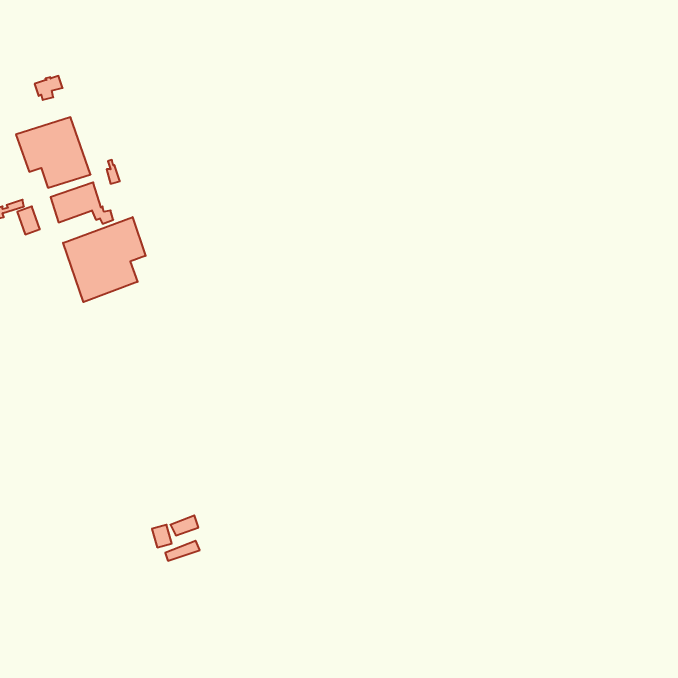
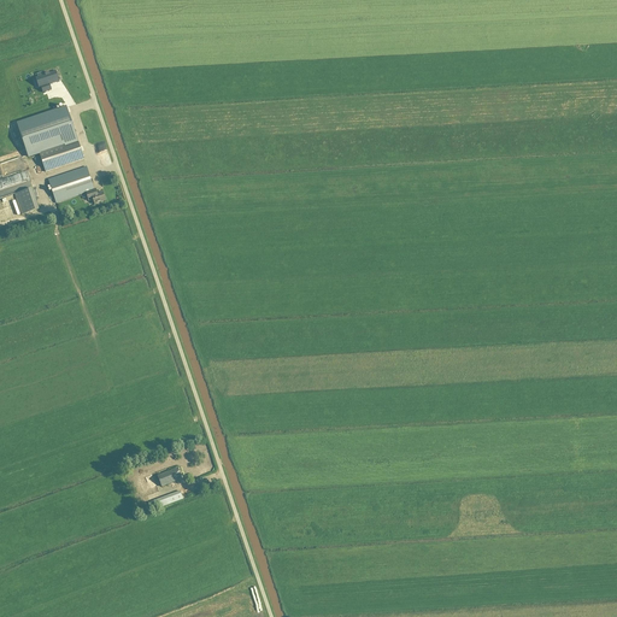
building: [63,217,146,302] -> none

